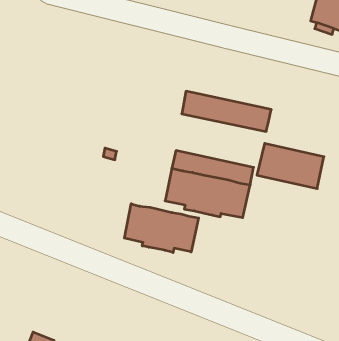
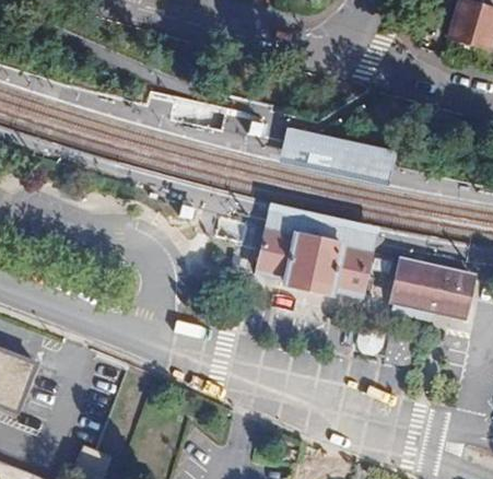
building: [257,143,324,189] -> [387,259,474,318]
building: [124,204,199,253] -> none

